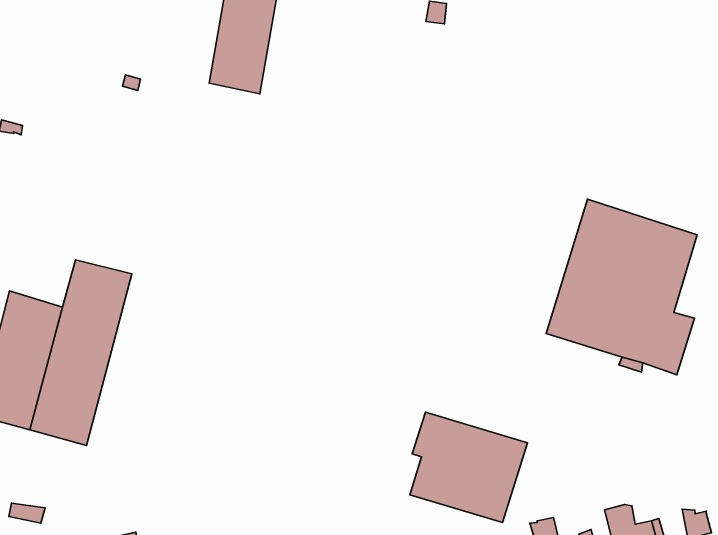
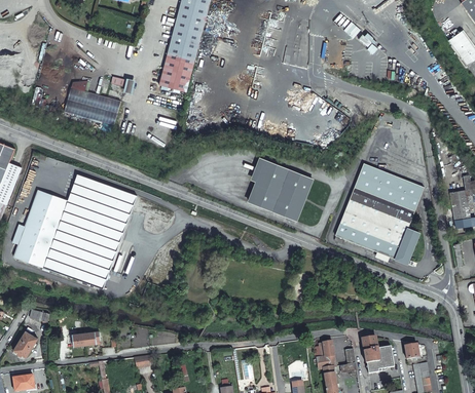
building: none -> [64,85,120,123]
building: none -> [74,186,136,288]
building: [410,412,527,523] -> [245,156,313,221]

